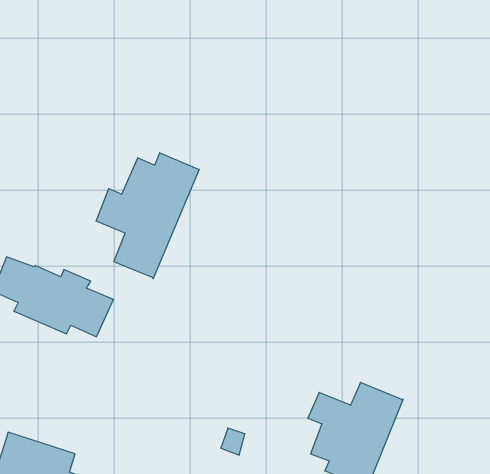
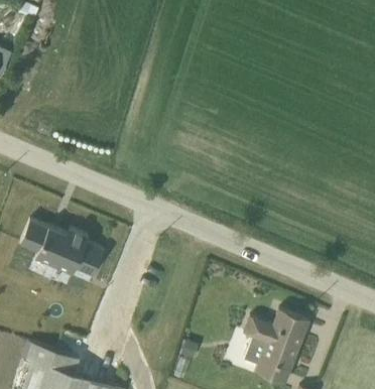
building: [96,153,199,279] -> none

